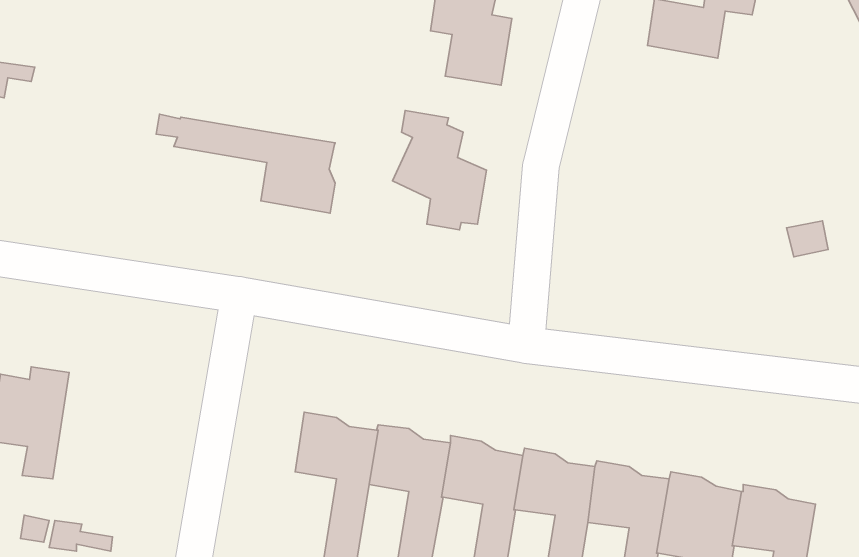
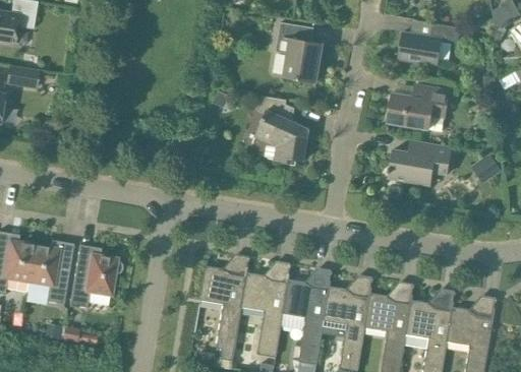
building: none -> [389,84,449,132]
building: [156,114,335,213] -> none
building: none -> [388,141,452,185]
building: none -> [69,244,121,307]

